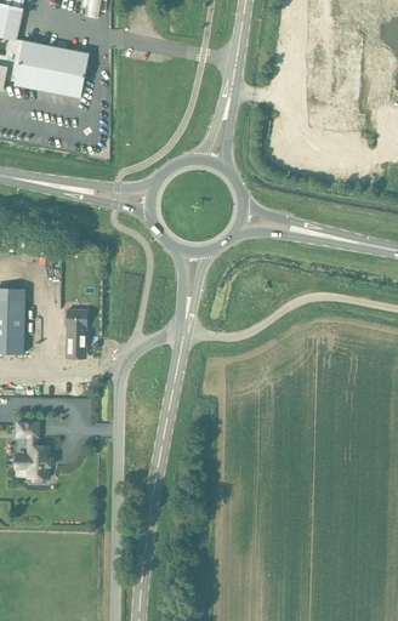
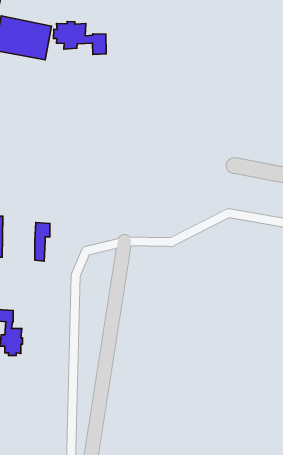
building: none -> [53,22,106,55]

